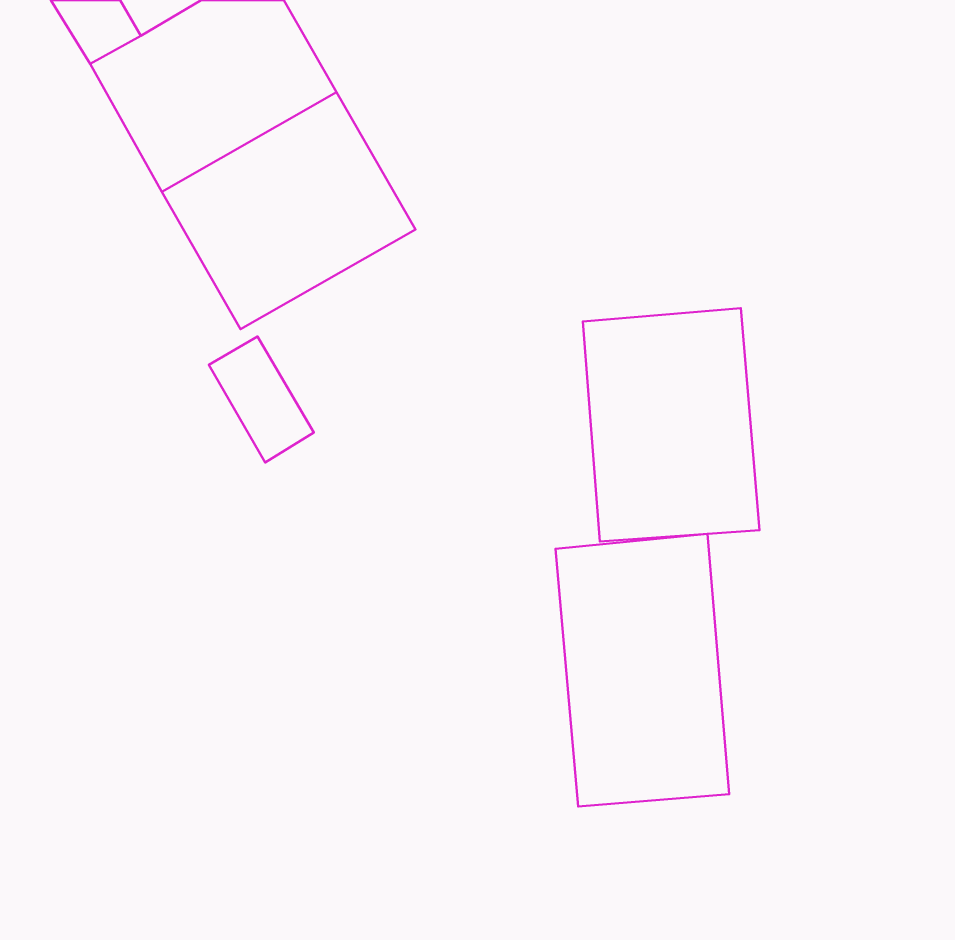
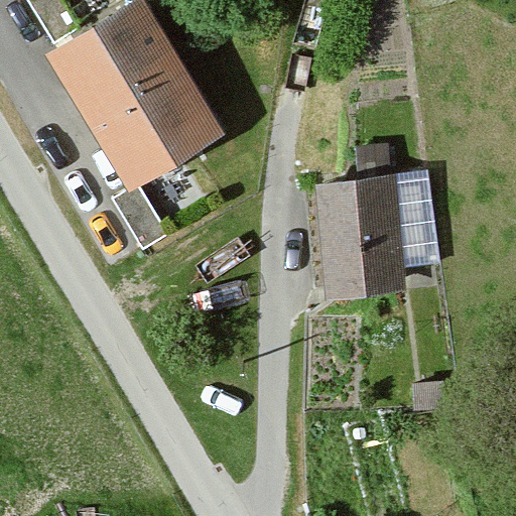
building: [555,534,729,807] -> none

